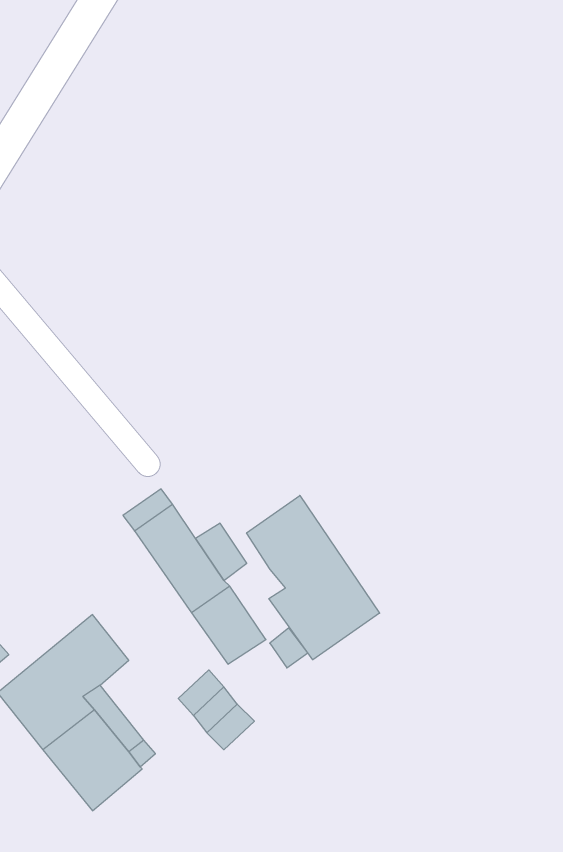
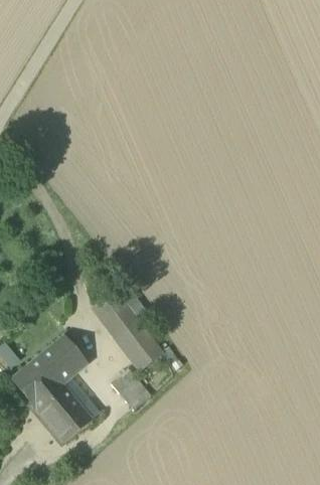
building: [247,495,380,660] -> none

